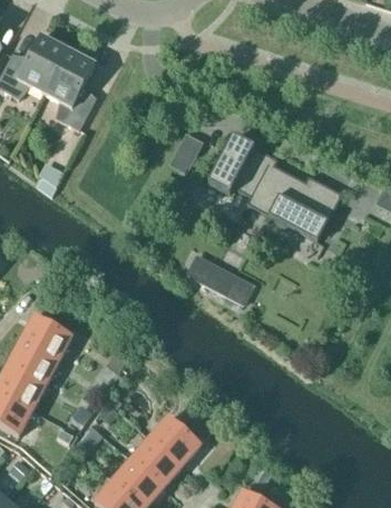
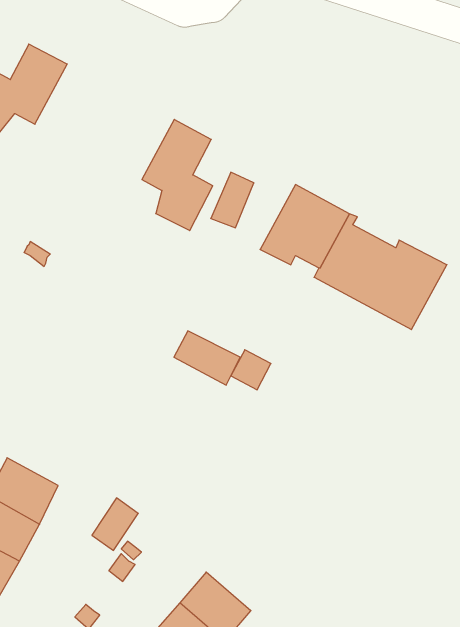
building: [45,49,96,129] -> [142,119,213,231]
building: [205,265,253,304] -> [174,331,240,385]
building: [25,309,82,353] -> none

